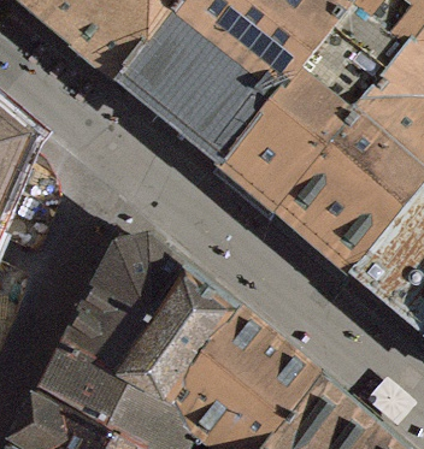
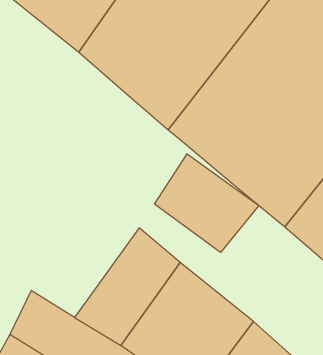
building: none -> [155,154,259,252]
building: [69,242,189,374] -> none

